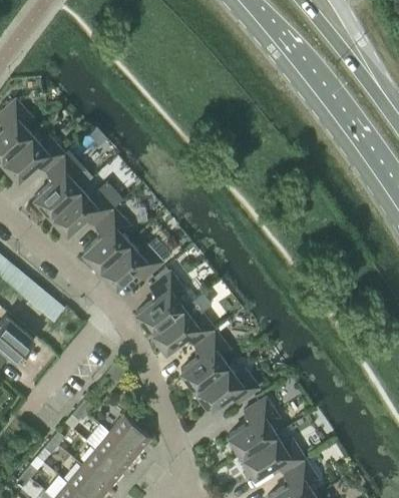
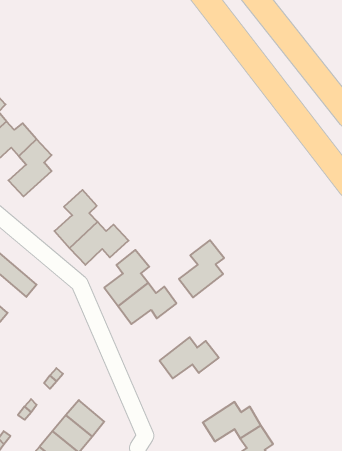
building: [50,187,113,233] -> none
building: [180,329,229,390] -> [179,240,224,297]
building: [229,398,278,456] -> none
building: [109,415,151,455] -> none

